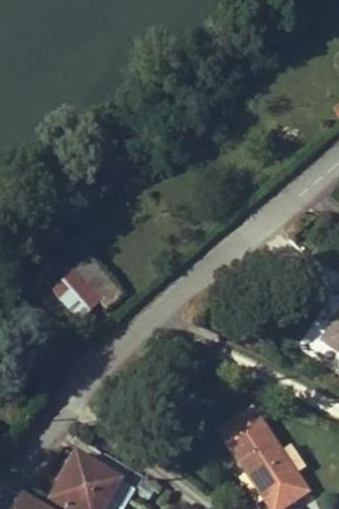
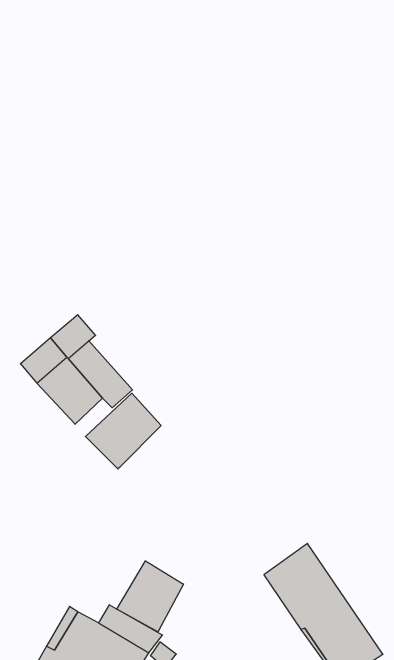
building: none -> [85,393,161,469]
building: none -> [117,561,184,632]

